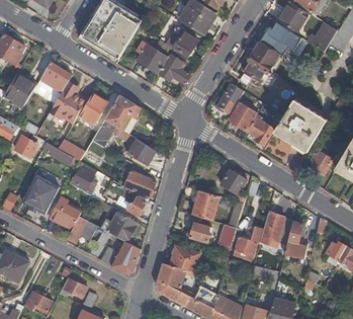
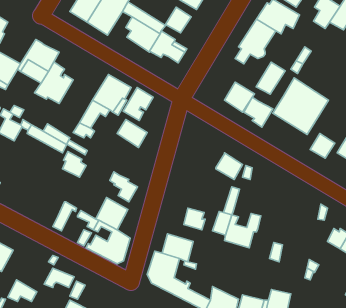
building: [216,82,244,112] -> [256,62,285,94]
building: [80,93,108,125] -> [123,87,153,121]
building: [124,171,156,200] -> none
building: [22,176,59,216] -> none
building: [192,190,219,221] -> none
building: [51,197,81,229] -> none
building: [260,211,283,244] -> none
building: [284,221,307,258] -> none

